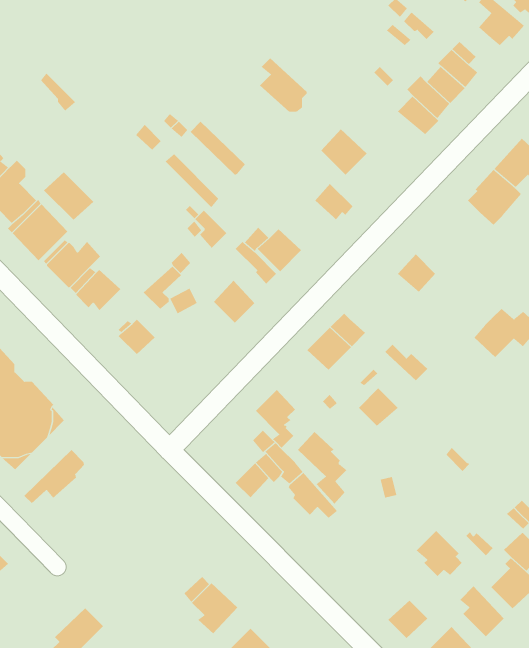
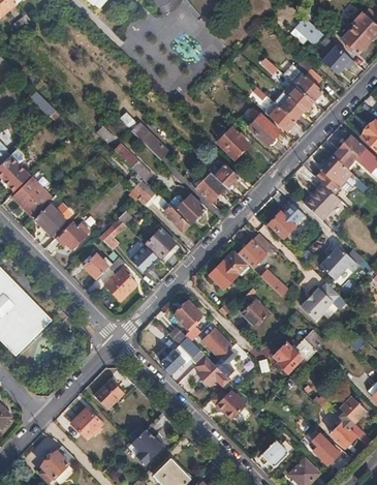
building: [259,58,308,112] -> [248,110,280,146]
building: [43,172,94,221] -> none
building: none -> [196,173,226,204]
building: none -> [306,184,341,219]
building: none -> [238,233,271,269]
building: none -> [130,244,159,273]
building: none -> [105,256,137,301]
building: none -> [301,282,339,320]
building: [23,449,85,504] -> none
building: none -> [95,380,125,408]
building: none -> [211,388,246,420]
building: [416,530,463,577] -> [274,342,305,373]
building: none -> [72,408,102,438]

